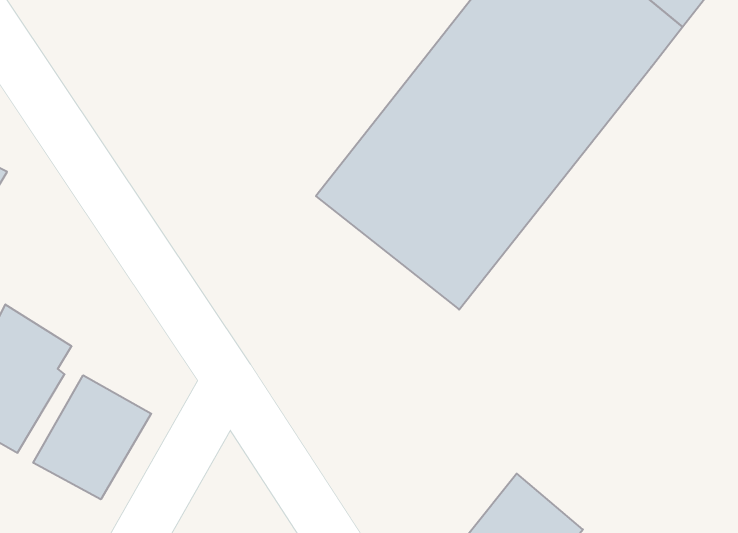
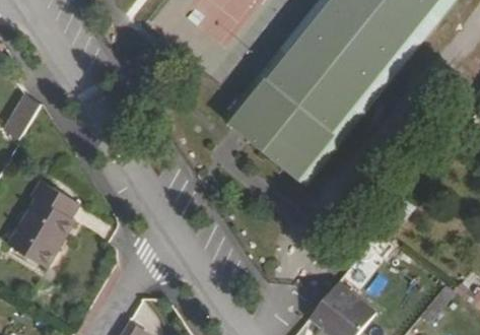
building: [33,375,151,499] -> none

